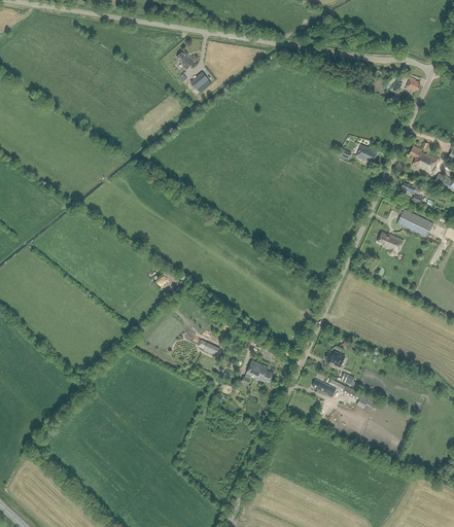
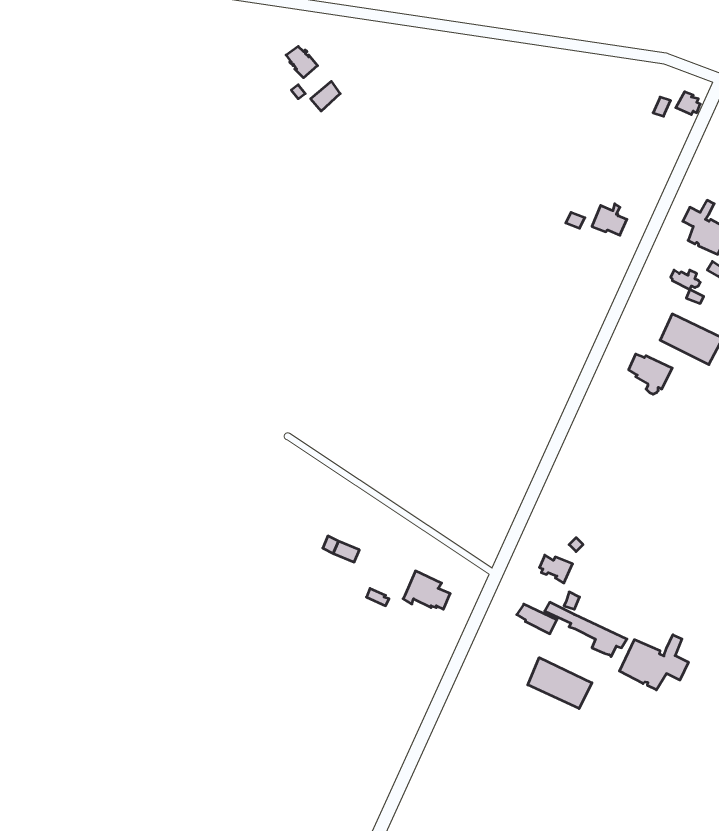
building: none -> [619,635,688,690]
building: none -> [528,658,592,709]

